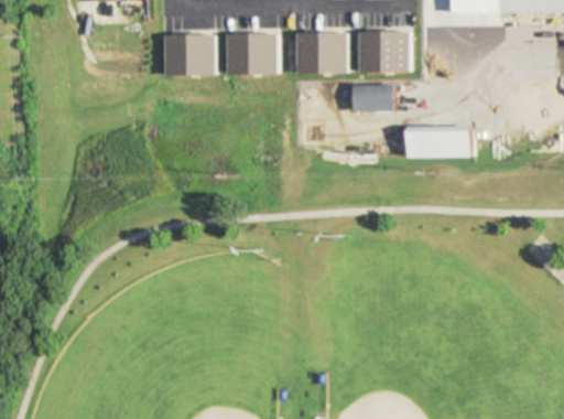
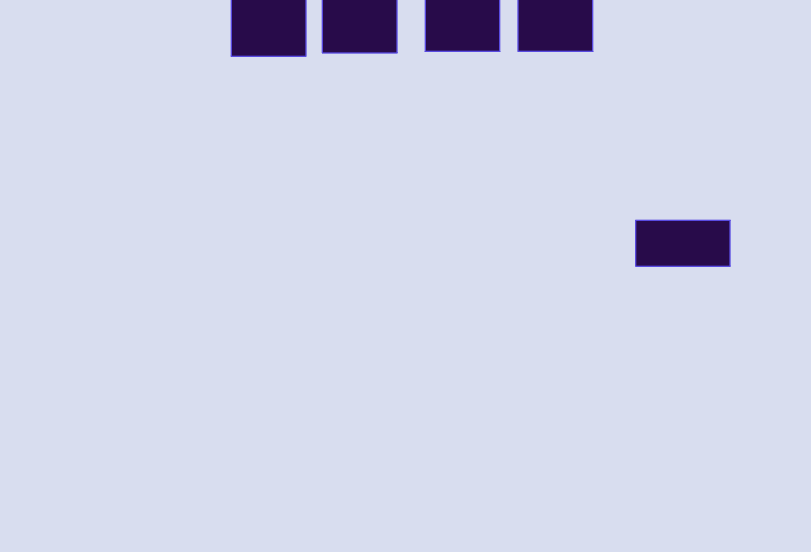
building: [354,84,395,110] -> none
building: [409,126,473,157] -> [636,220,730,266]

